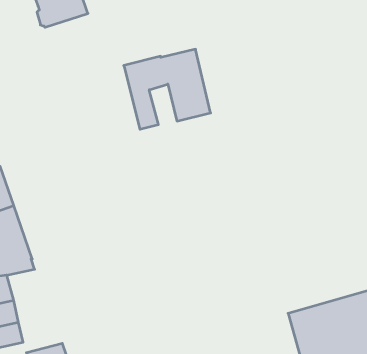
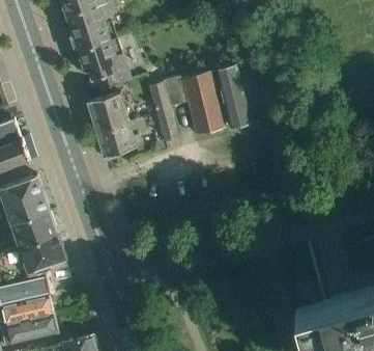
building: none -> [77,38,128,90]
building: none -> [213,64,251,130]
building: none -> [86,91,142,164]

